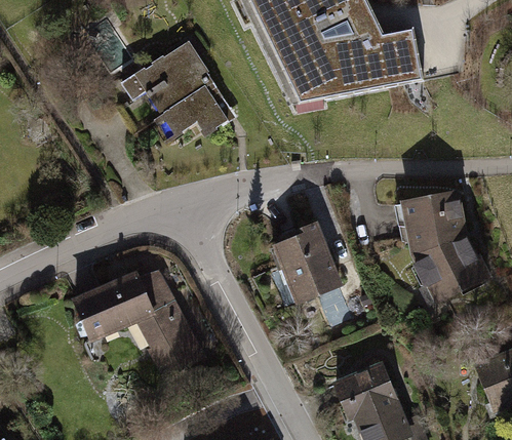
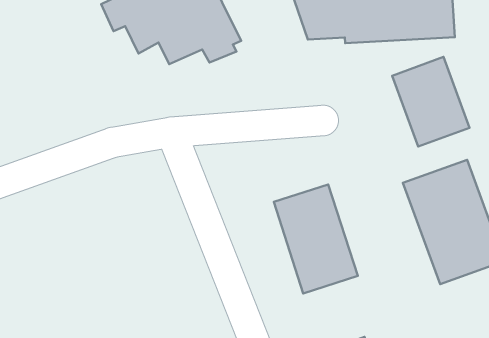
building: none -> [392,57,469,147]
building: [79,265,212,375] -> none

